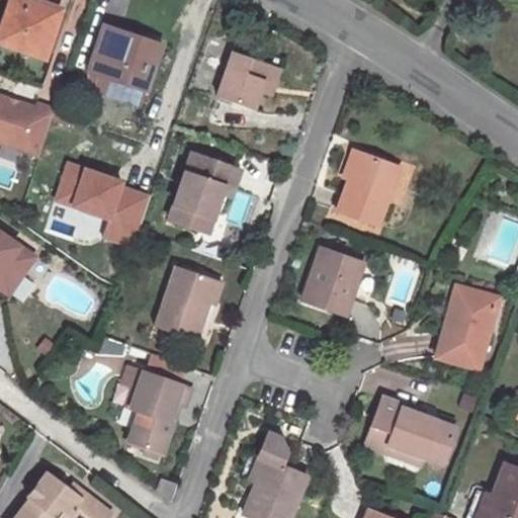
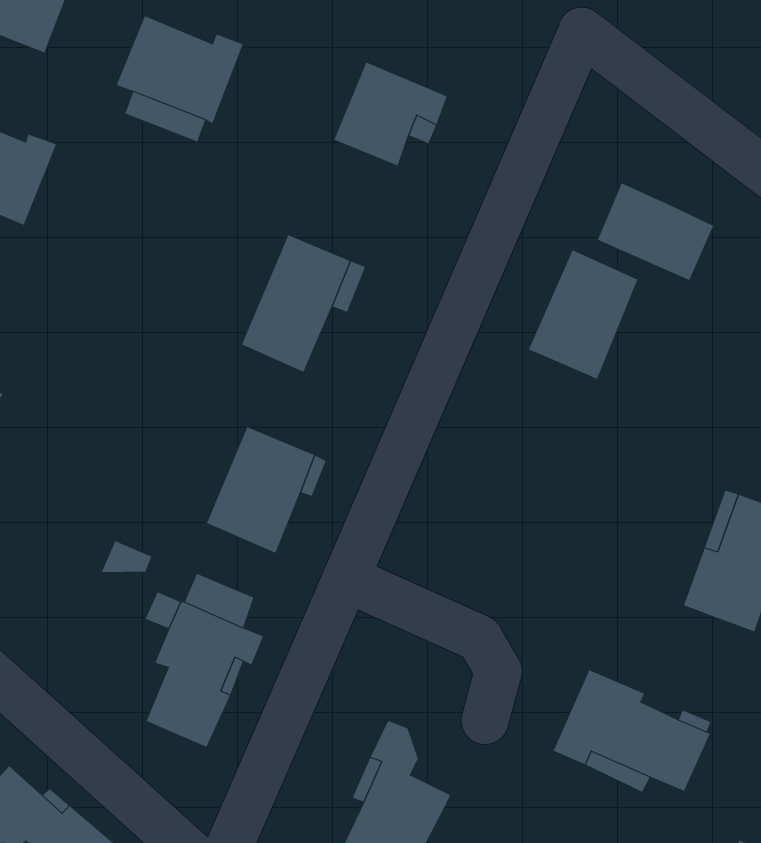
building: none -> [597,183,714,281]
building: [55,162,150,243] -> none
building: [301,247,363,315] -> none

